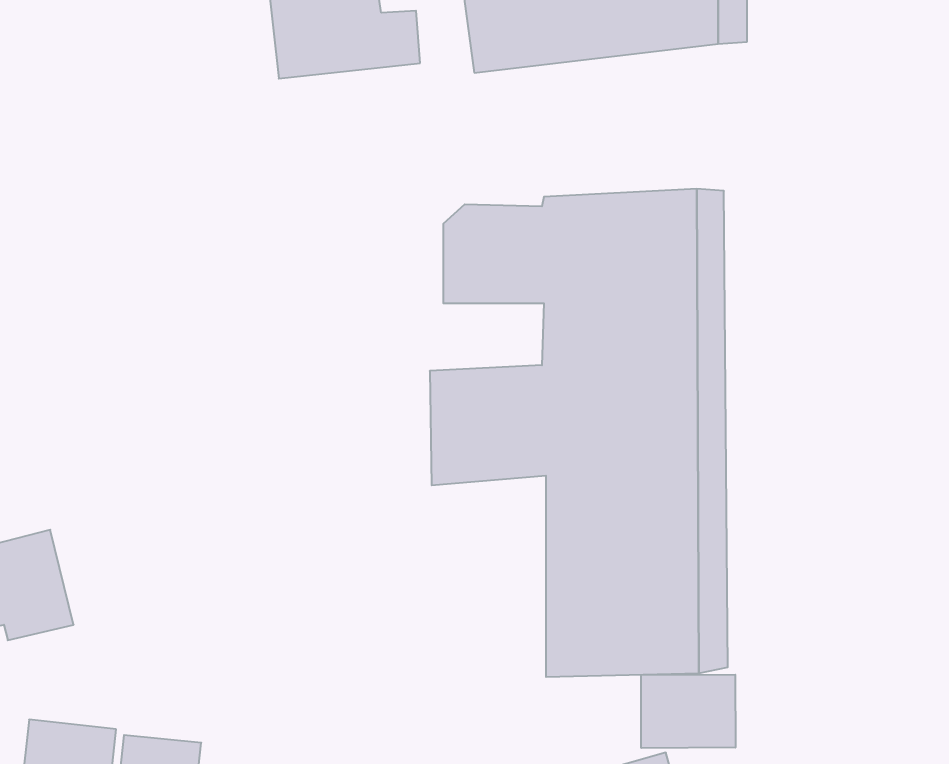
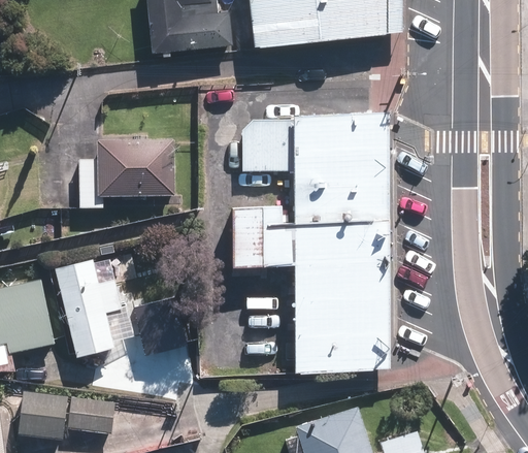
building: none -> [103,143,171,196]
building: none -> [54,261,117,353]
building: [641,675,735,748] -> none

